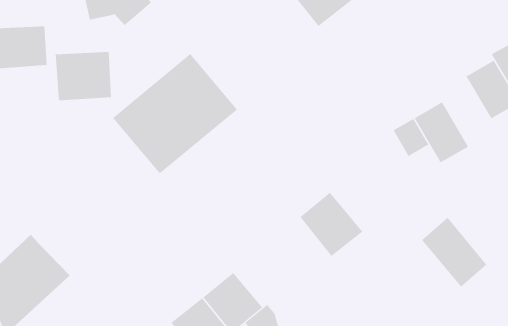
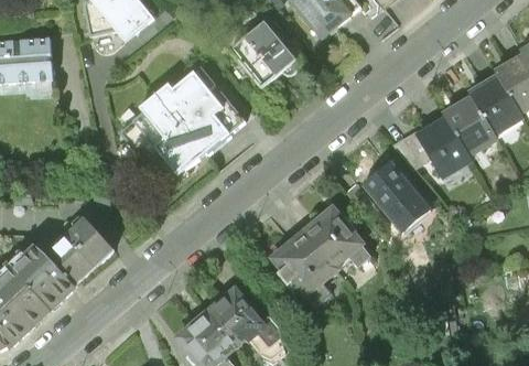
building: none -> [229,21,295,88]
building: [55,51,112,101] -> none
building: none -> [444,95,498,155]
building: none -> [42,217,115,289]
building: [421,217,487,287] -> [361,162,428,233]
building: none -> [271,230,335,295]

